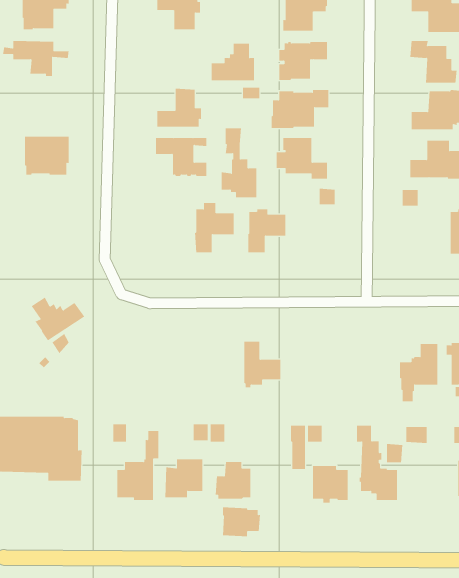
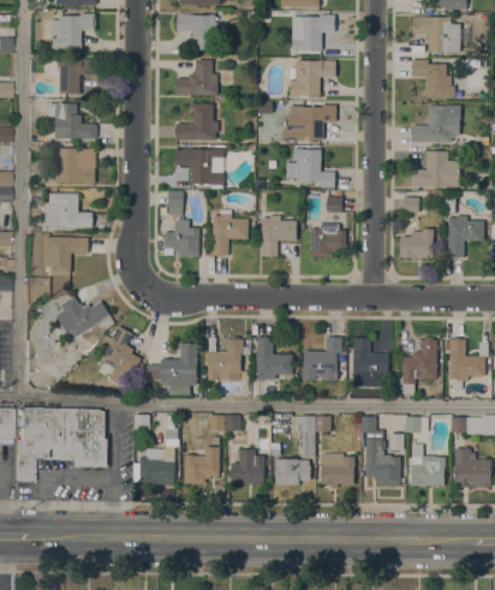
building: [211,43,255,81] -> [177,60,217,95]
building: none -> [47,103,97,139]
building: [221,128,257,198] -> [165,191,198,256]
building: none -> [44,193,93,230]
building: none -> [311,224,346,257]
building: none -> [400,230,434,257]
building: none -> [43,237,88,273]
building: none -> [100,326,142,386]
building: none -> [208,338,250,381]
building: none -> [303,338,342,381]
building: none -> [353,338,388,388]
building: none -> [148,342,197,397]
building: none -> [411,445,446,485]
building: [222,507,261,537] -> [275,458,311,485]

